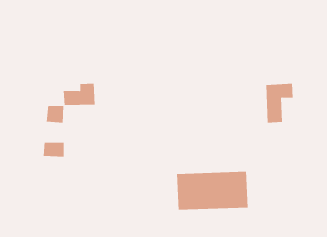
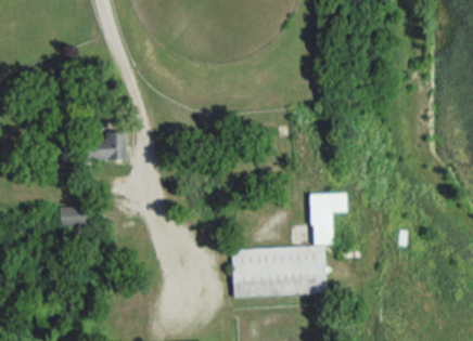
building: [265,83,294,123] -> [310,193,347,245]
building: [46,105,64,123] -> none

